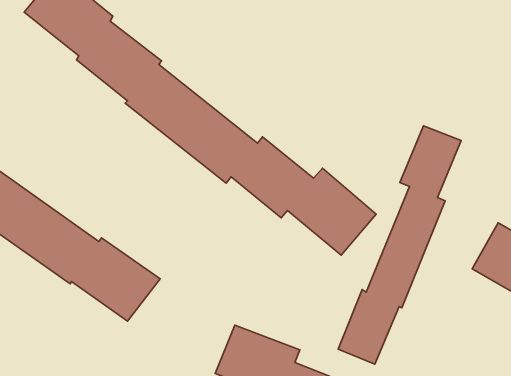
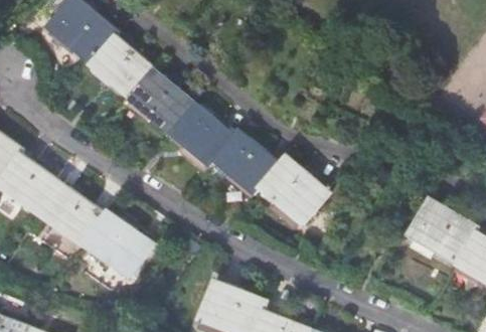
building: [338,126,461,364] -> none

